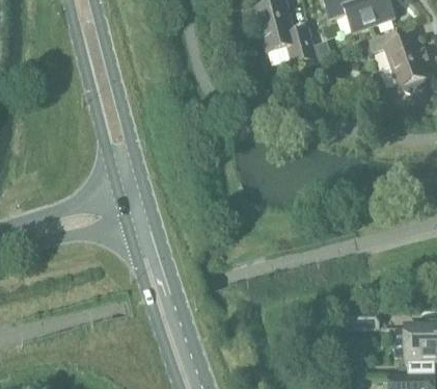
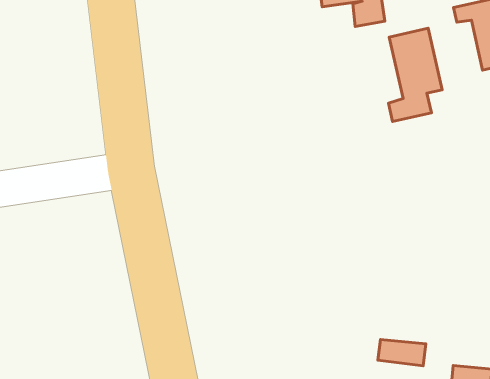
building: none -> [388,28,442,122]

